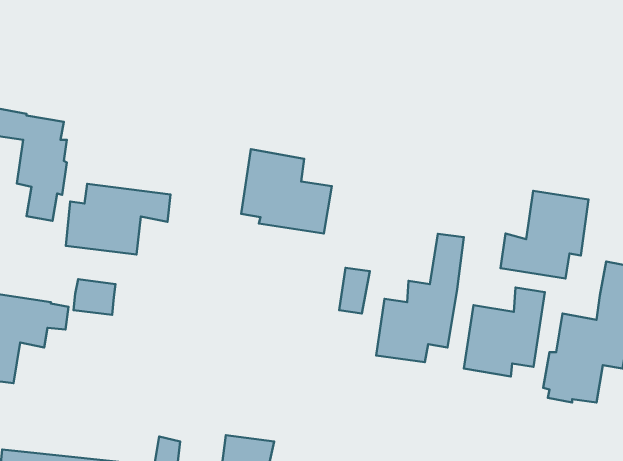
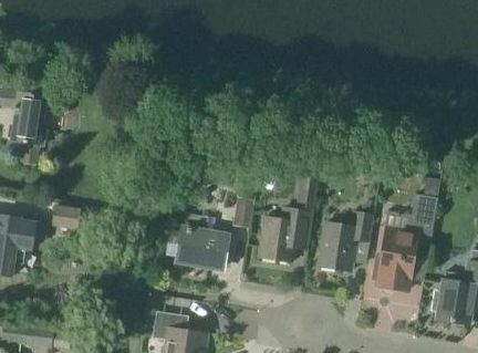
building: [241,149,332,233] -> [166,210,228,268]
building: [66,184,171,255] -> none
building: [500,191,589,278] -> none

